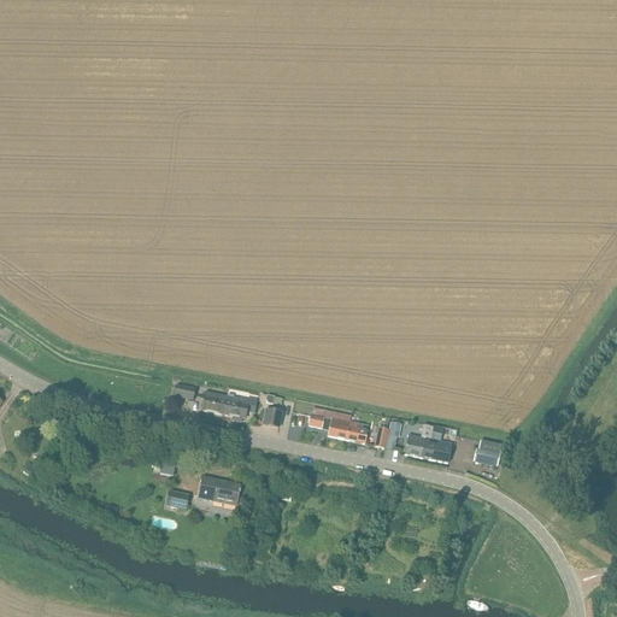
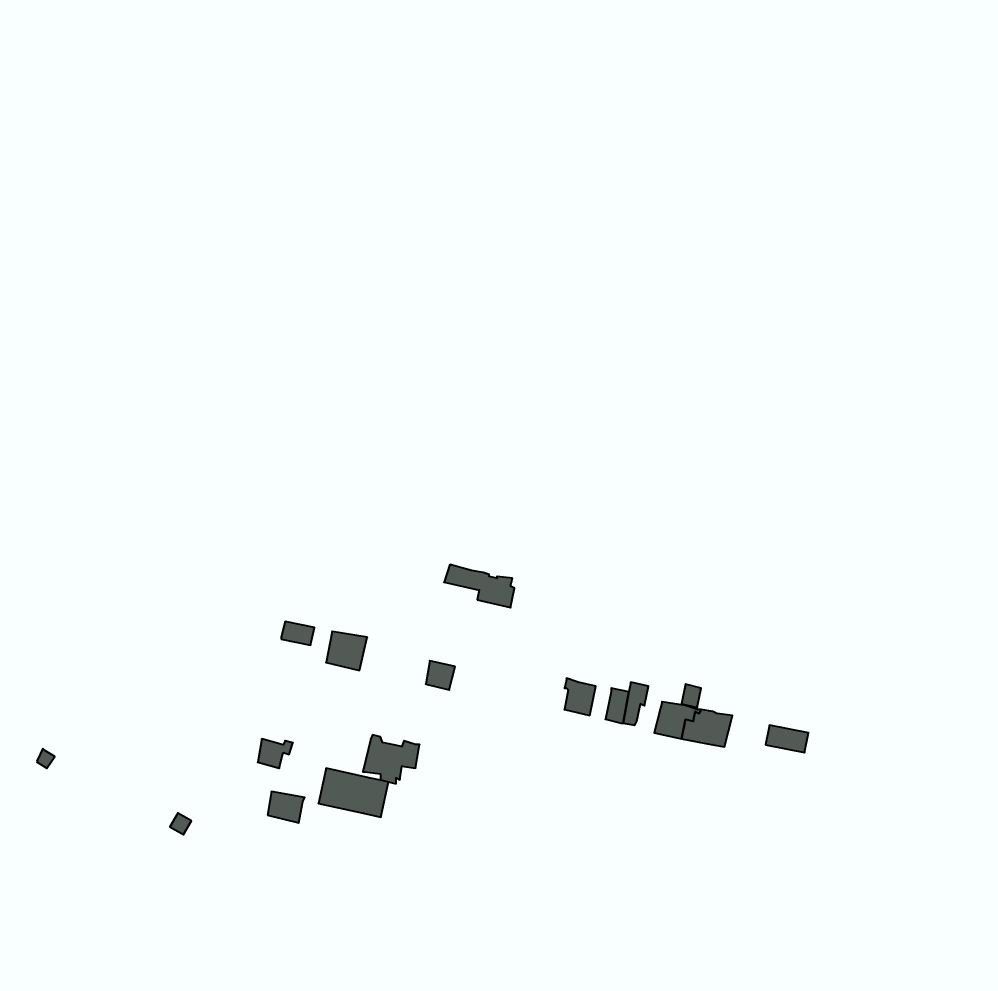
building: [222,390,257,421] -> [363,735,420,784]
building: [307,411,351,437] -> [444,565,514,608]

